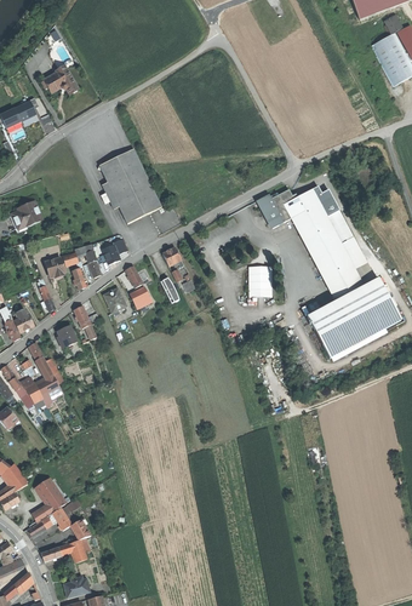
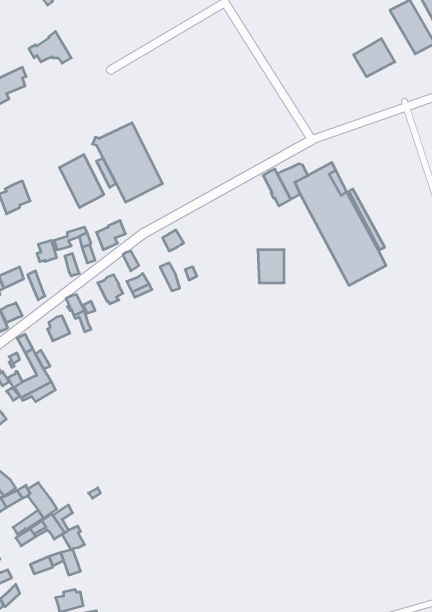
building: none -> [354,39,395,77]
building: none -> [59,154,104,208]
building: [305,275,400,355] -> none

